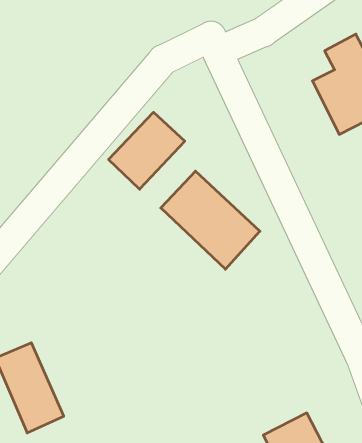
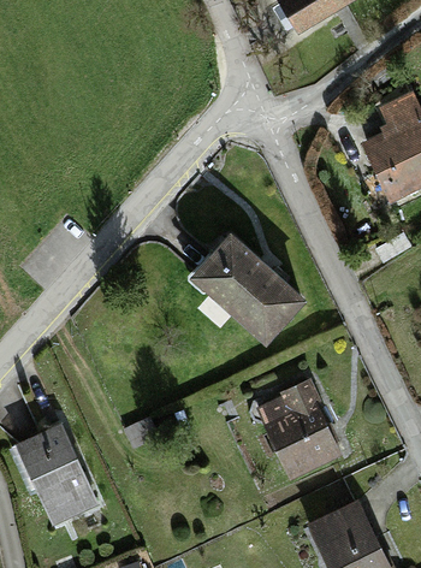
building: [109,112,185,189] -> none
building: none -> [259,381,340,474]

